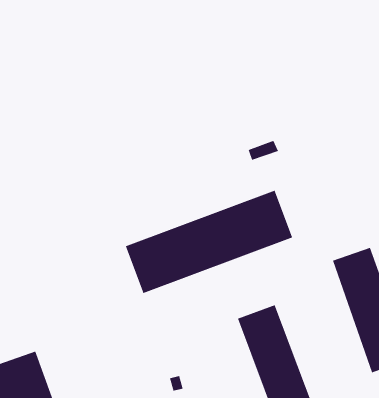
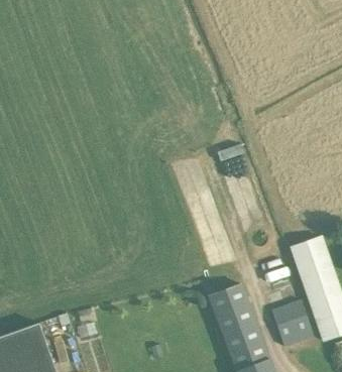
building: [125,190,293,294] -> none
building: none -> [272,301,314,347]

